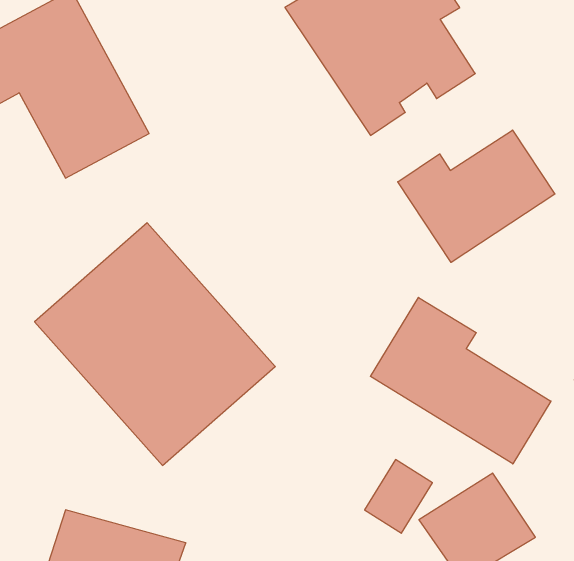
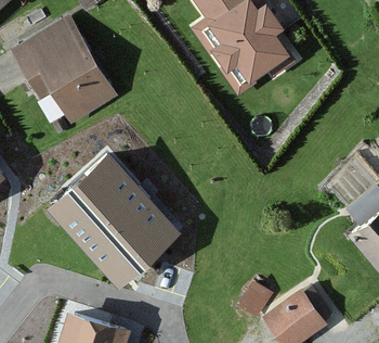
building: [398,130,555,262] -> none
building: [370,297,551,464] -> none

